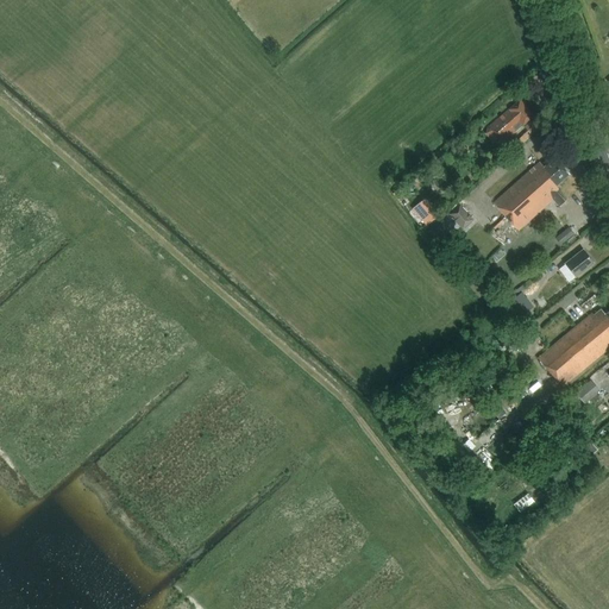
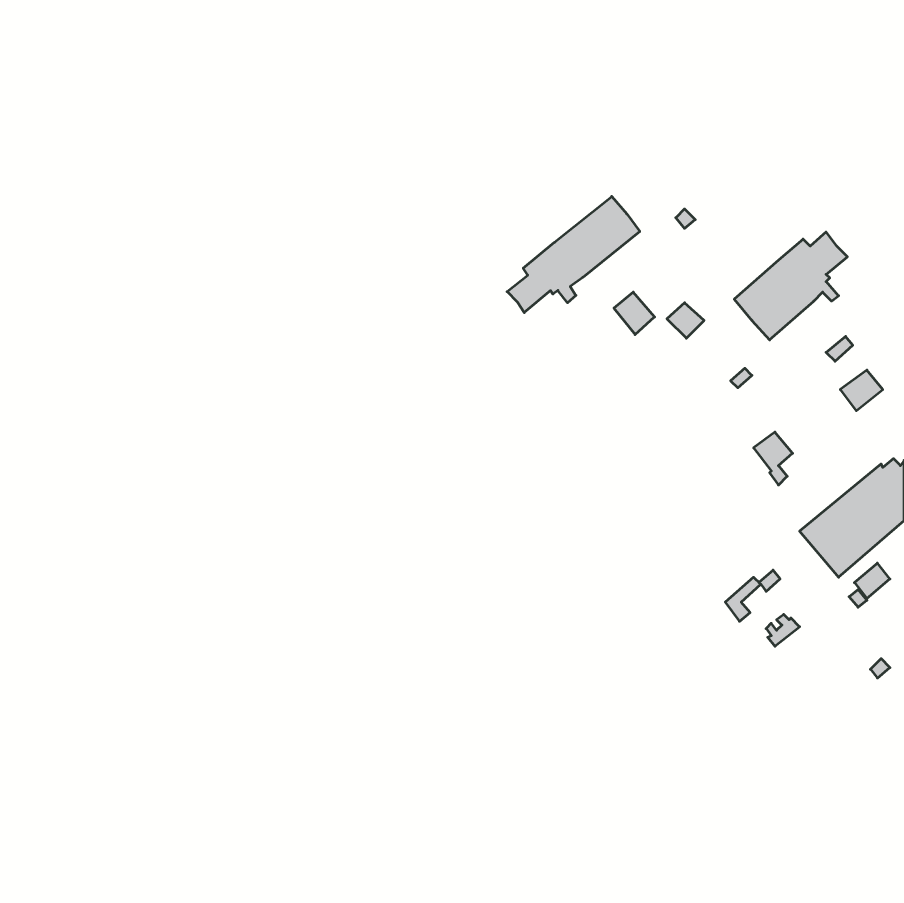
building: [486,100,533,138] -> none
building: none -> [507,196,640,313]

